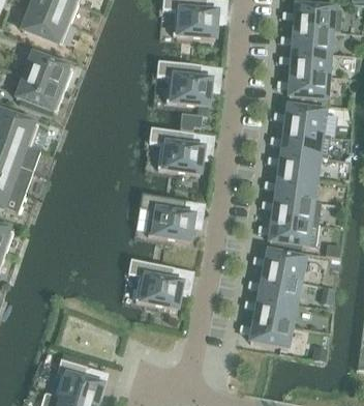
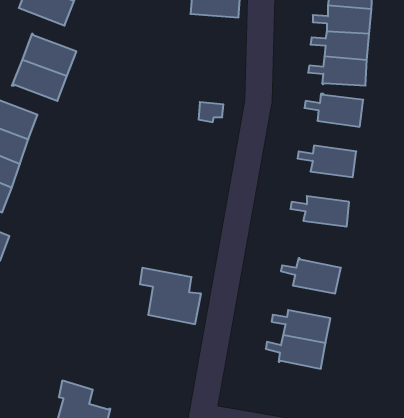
building: [156,60,211,107] -> none
building: [149,126,204,174] -> none
building: [270,129,322,156] -> none
building: [264,174,315,201] -> none
building: [139,193,193,241] -> none
building: [257,218,310,246] -> none
building: [247,274,300,303] -> none

